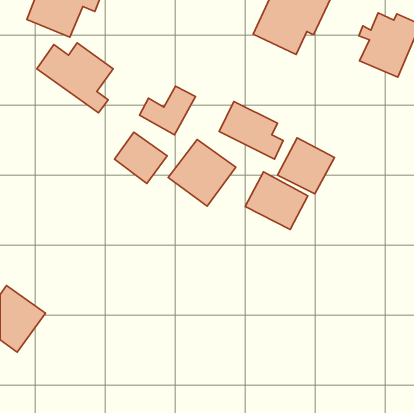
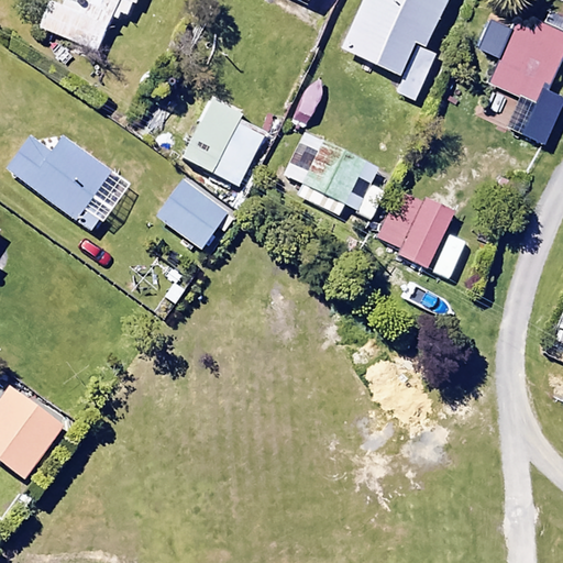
building: [37,43,113,113] -> [8,135,111,230]
building: [168,139,236,206] -> none
building: [245,172,308,229] -> none

